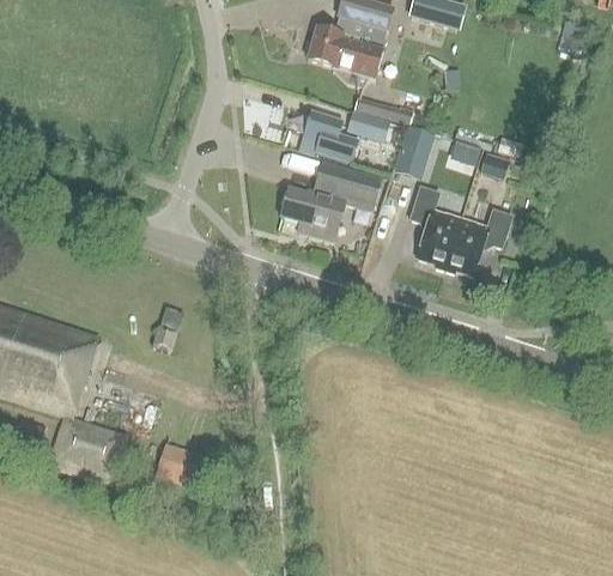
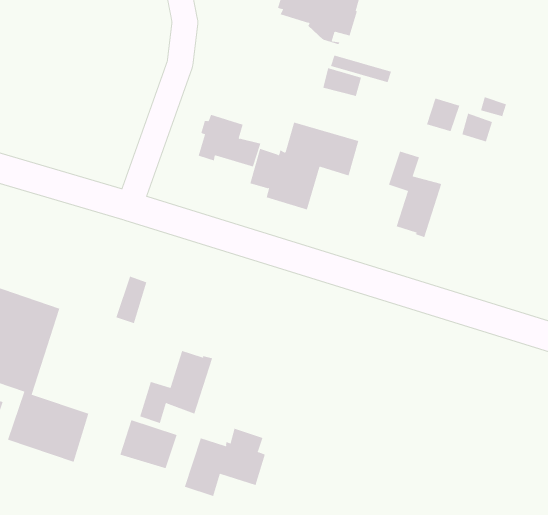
building: [299,109,359,159] -> [198,114,261,167]
building: [395,125,435,177] -> none
building: [445,210,512,275] -> none
building: none -> [140,350,213,424]
building: none -> [184,428,266,497]

